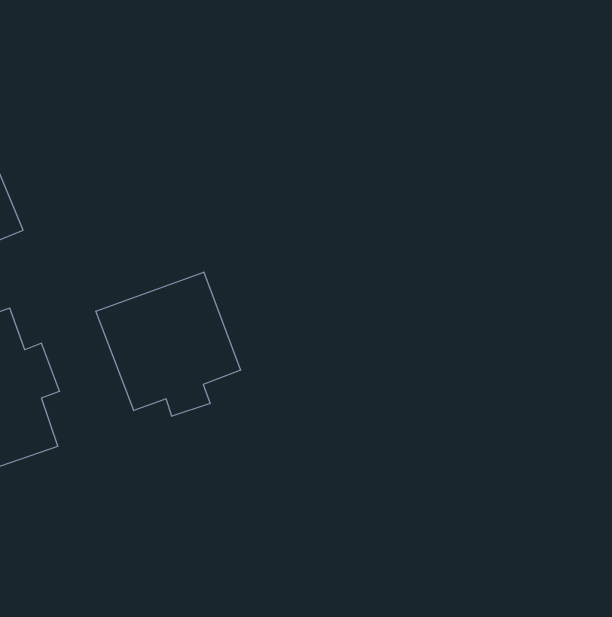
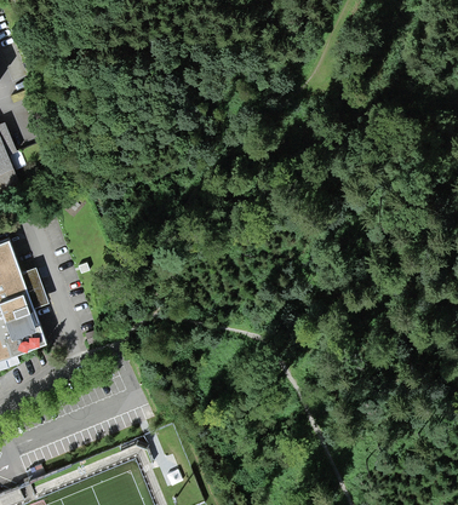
building: [96,272,241,416] -> none

